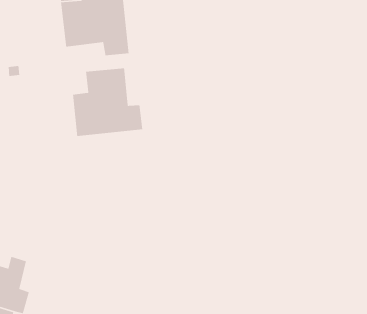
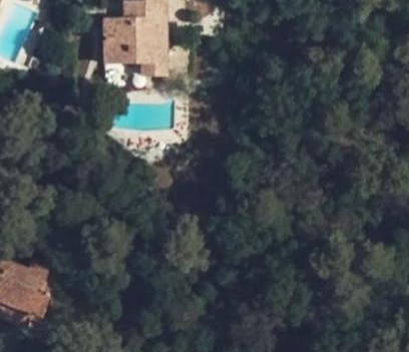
building: [72,67,143,137] -> none

